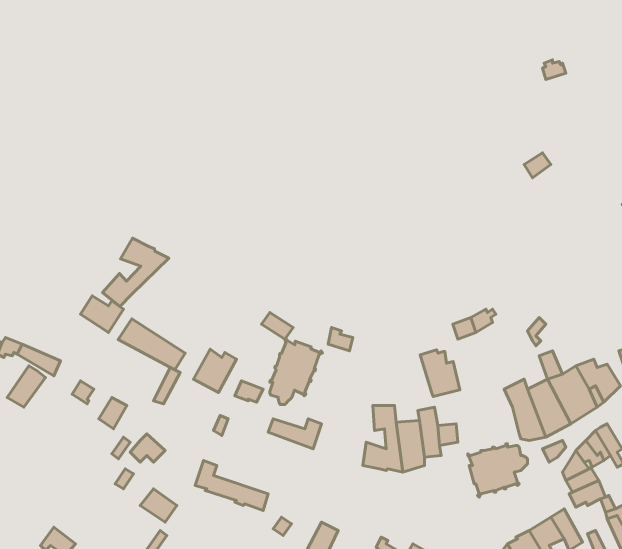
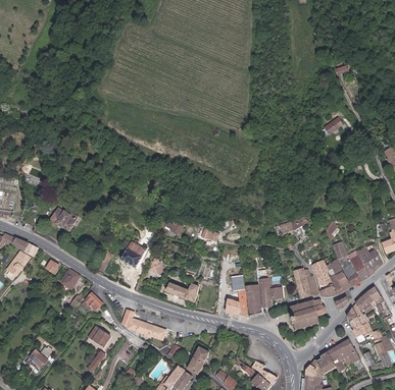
building: [102,238,169,306] -> none
building: [118,319,185,370] -> none
building: [270,339,322,404] -> none
building: [420,350,460,396] -> [293,268,317,296]

